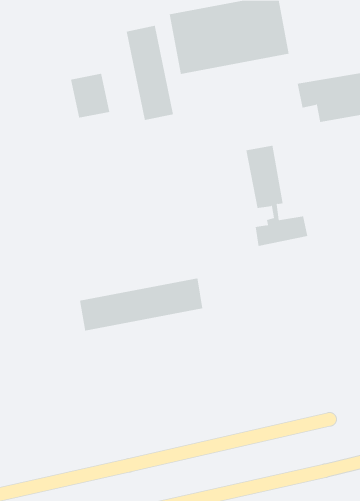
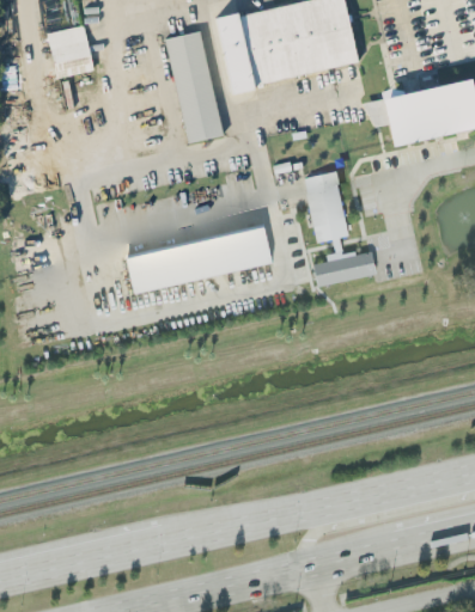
building: [70,73,110,118] -> [47,24,93,76]
building: [79,278,203,331] -> [129,231,274,293]

